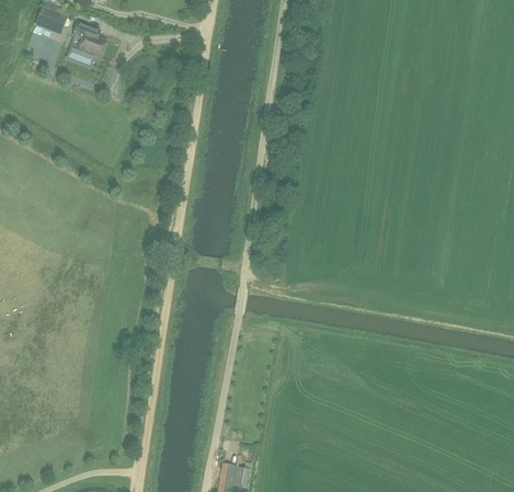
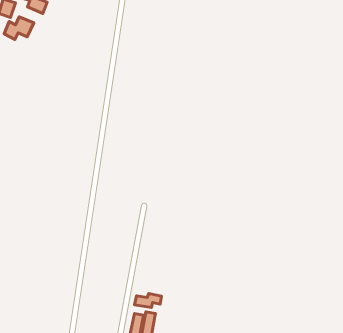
building: none -> [4,17,34,39]
building: none -> [134,293,162,308]

